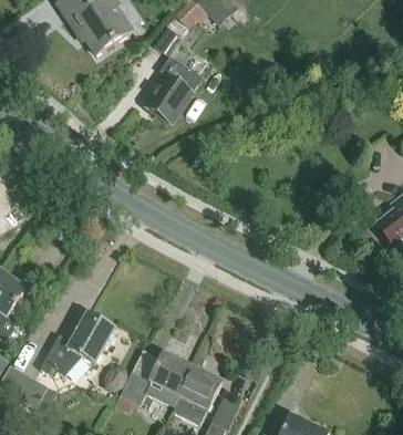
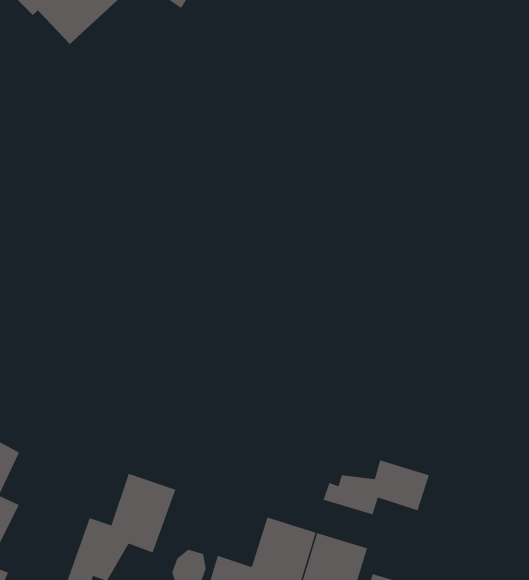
building: [147,56,202,123] -> none
building: none -> [323,460,429,515]

